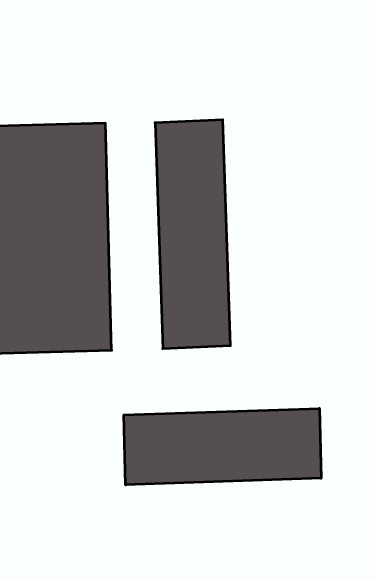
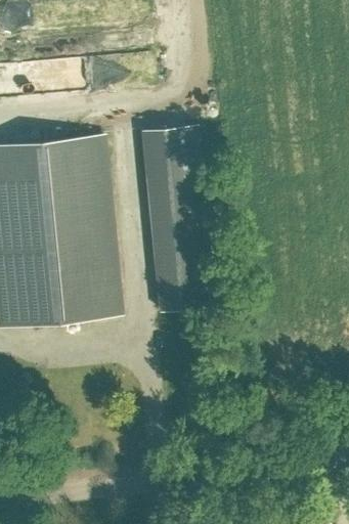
building: [124,408,321,485] -> none

